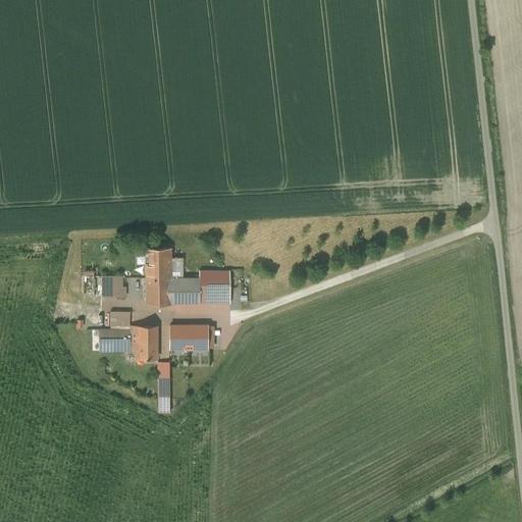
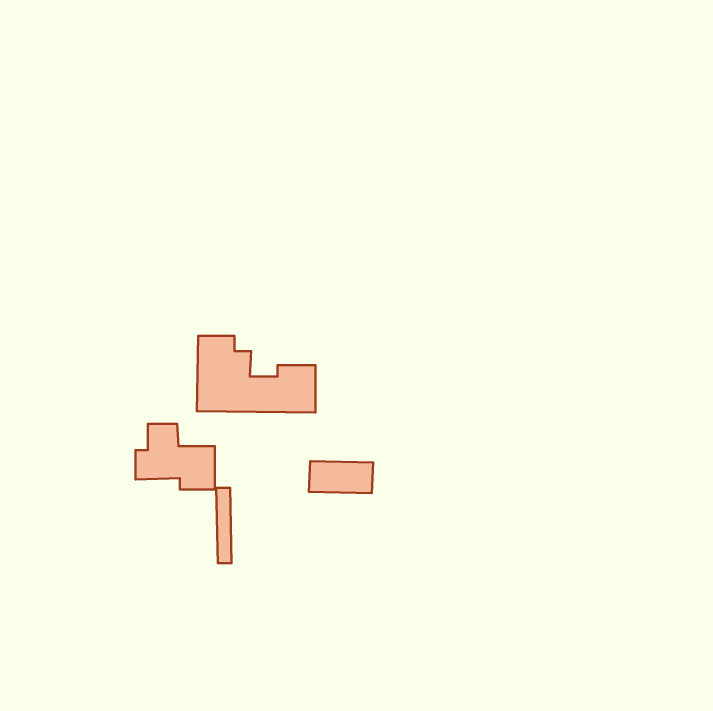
building: [102,276,125,298] -> none
building: [170,325,217,349] -> [309,461,373,493]

